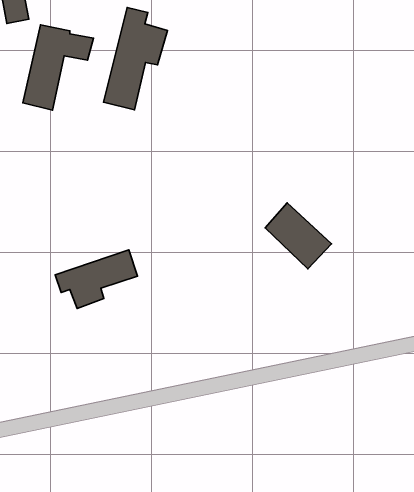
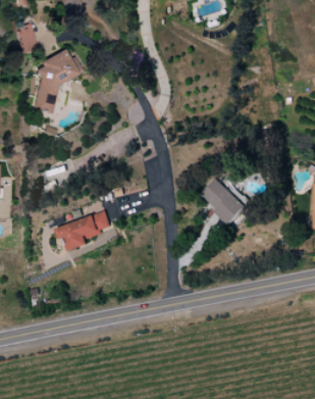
building: [103,8,167,110] -> none

